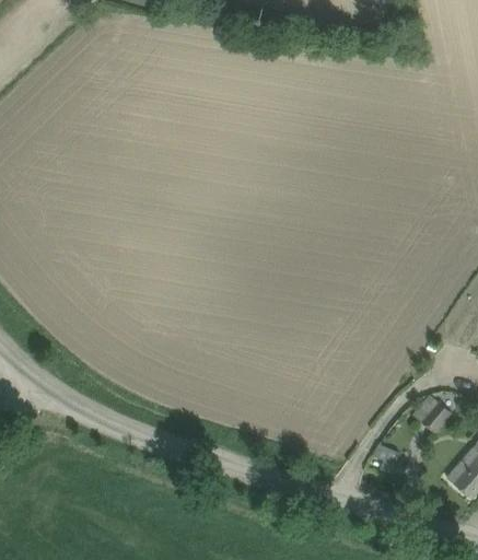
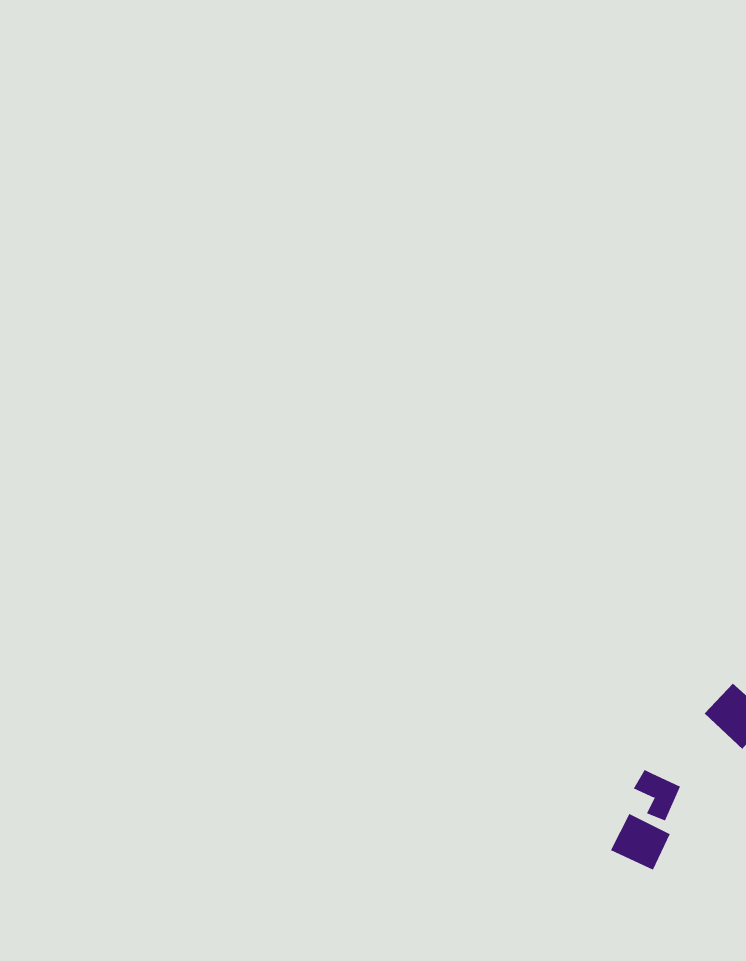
building: none -> [610,813,670,870]

